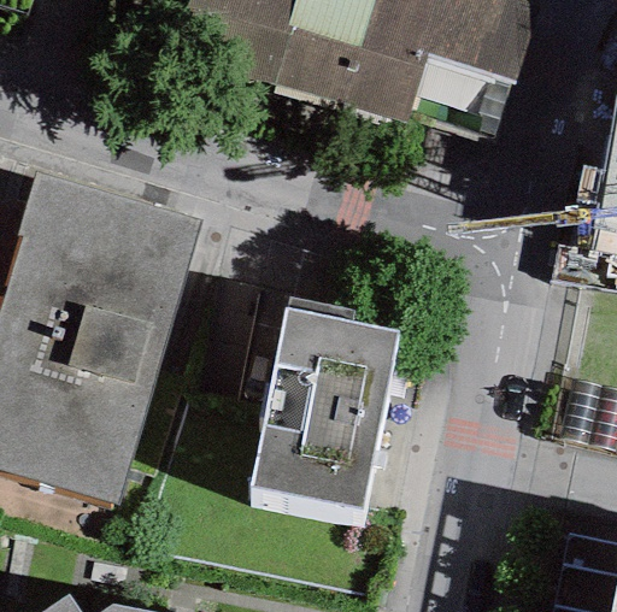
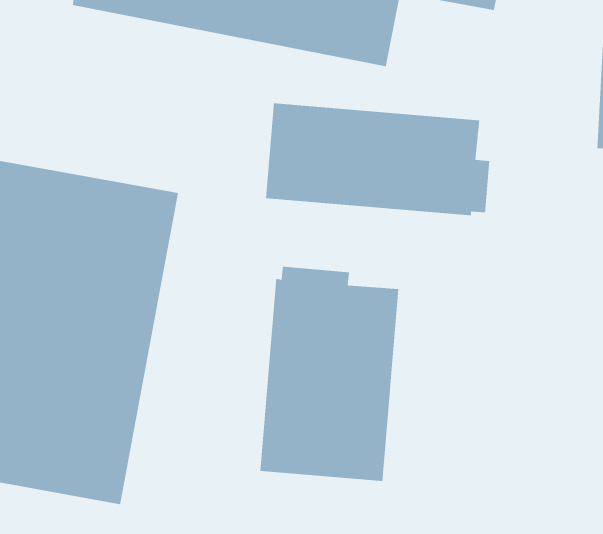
building: none -> [266,103,490,216]

